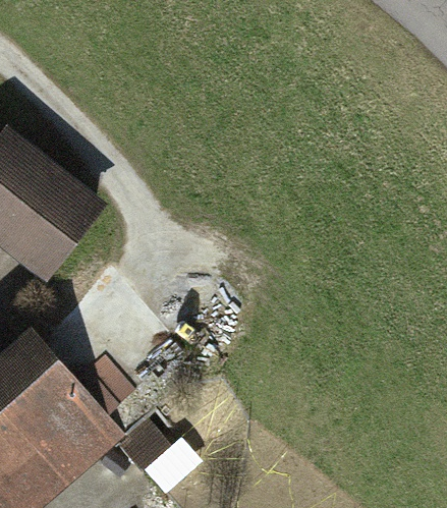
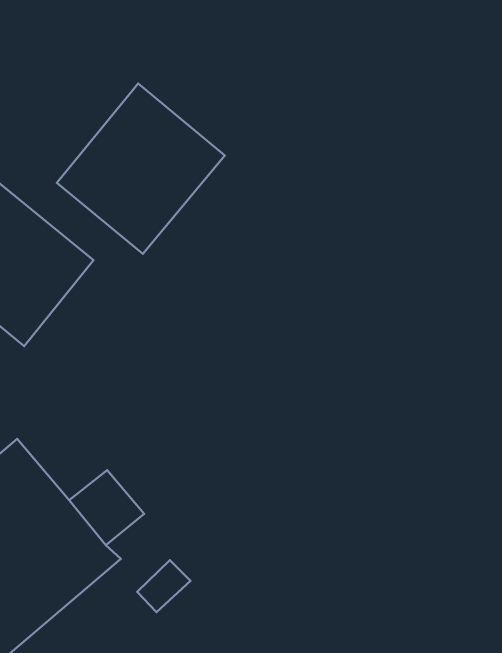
building: none -> [57,83,225,254]

